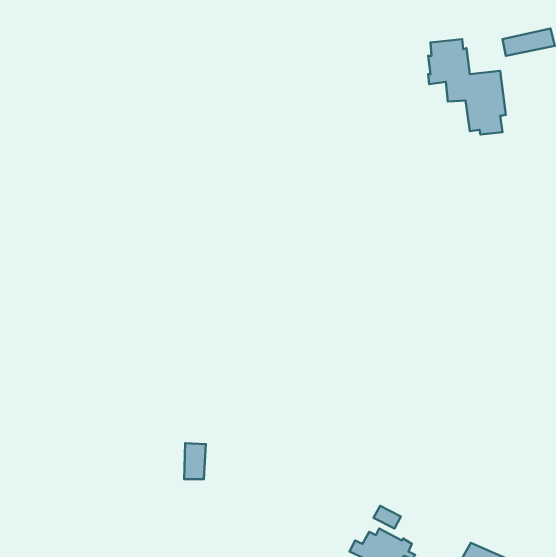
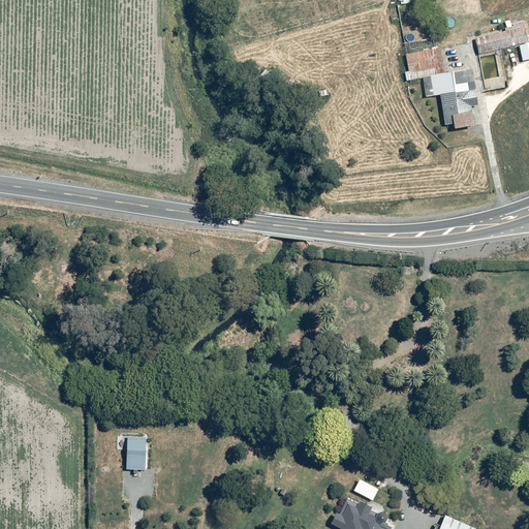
building: [184,443,206,479] -> [126,436,147,470]

